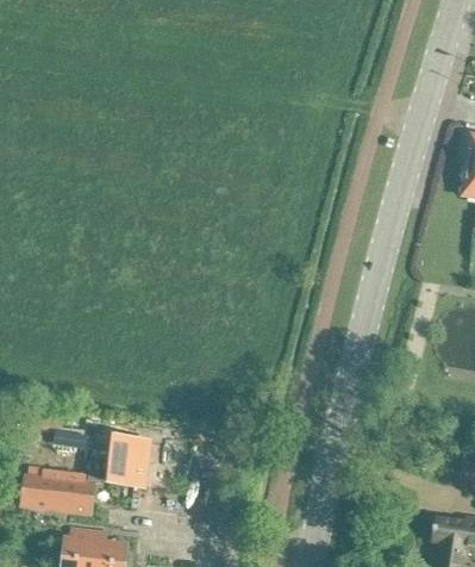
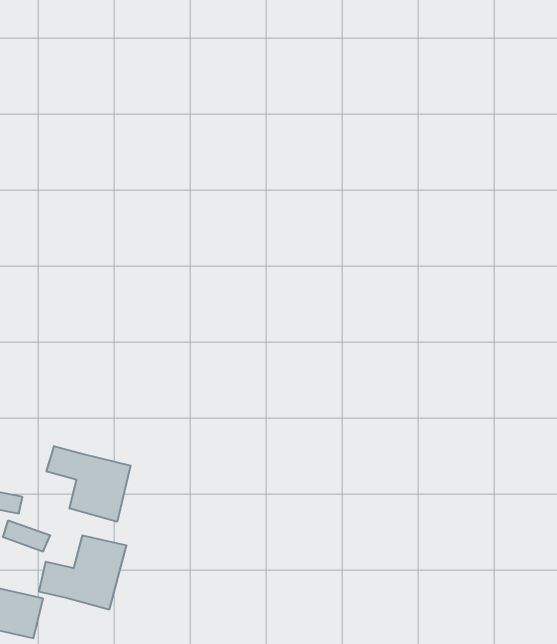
building: none -> [47,446,130,522]

